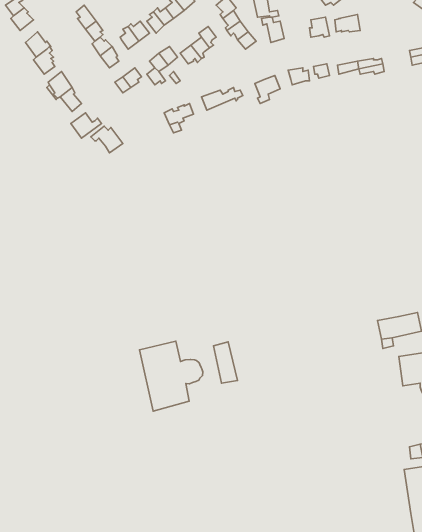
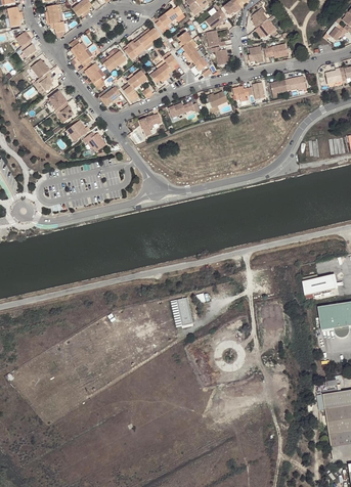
building: [139,341,203,411] -> none

